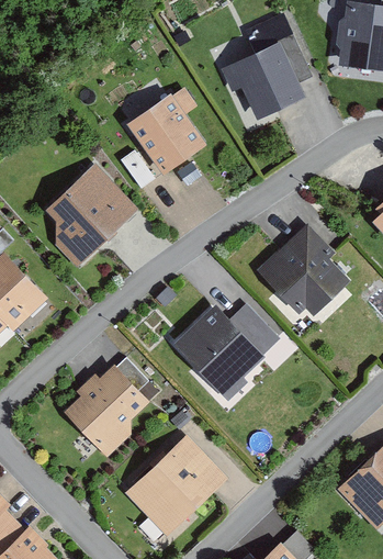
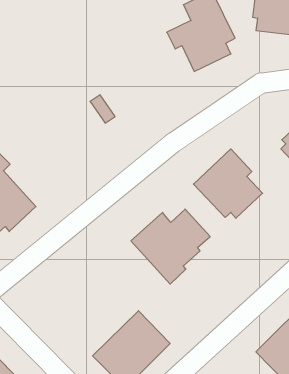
building: [126,89,205,176] -> none
building: [45,165,136,267] -> none
building: [64,356,148,460] -> none

